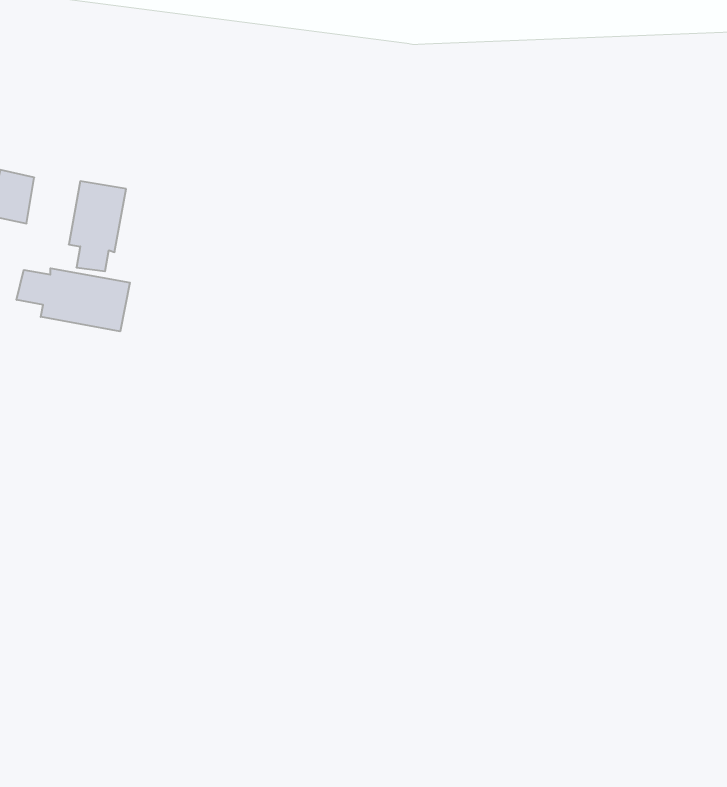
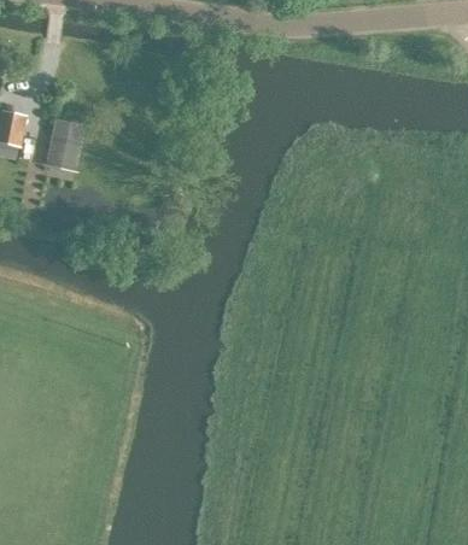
building: [17,268,130,331] -> none

